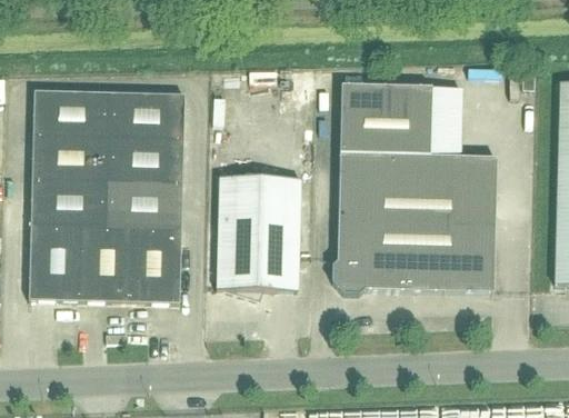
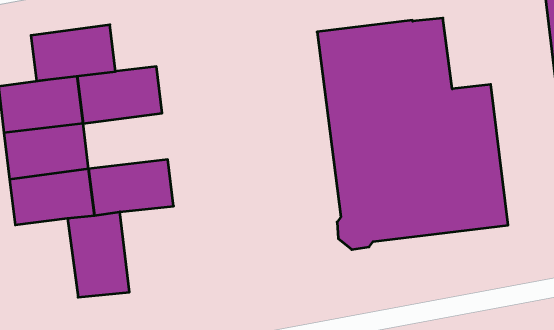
building: [108,136,184,181] -> [31,25,116,81]
building: [217,173,301,298] -> none
building: [29,221,81,298] -> none
building: [129,223,182,301] -> none

